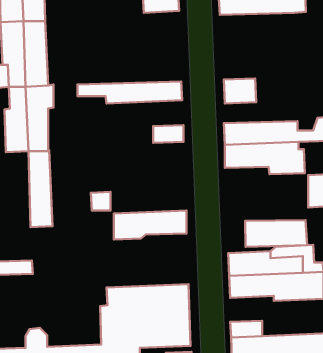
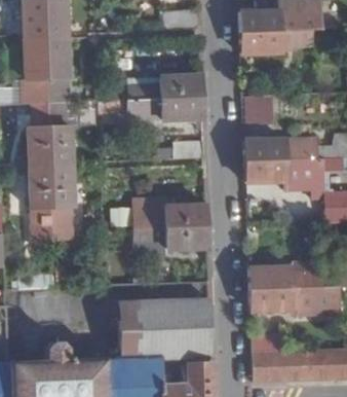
building: none -> [239,30,313,55]
building: none -> [99,75,201,101]
building: none -> [28,167,52,243]
building: none -> [133,196,206,228]
building: [245,220,307,247] -> none

